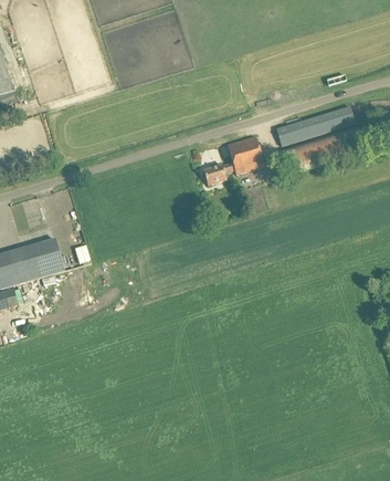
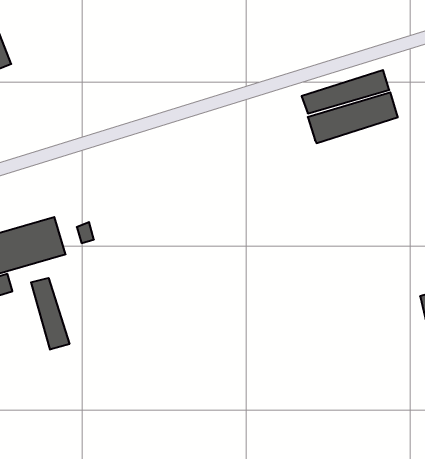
building: [203,134,264,184] -> none
building: none -> [31,278,69,350]

